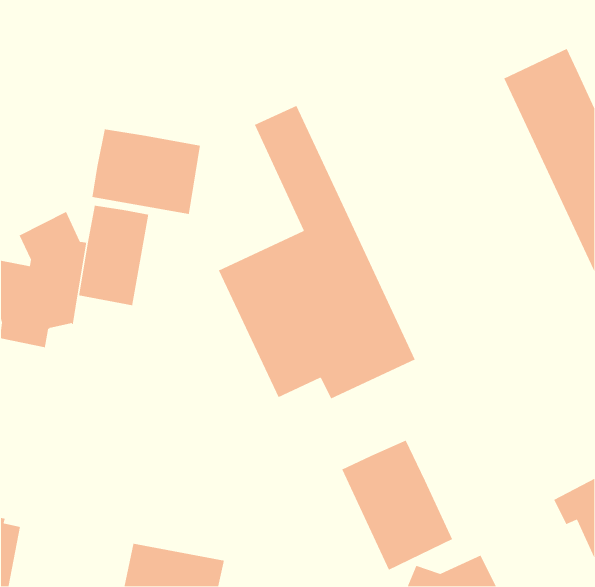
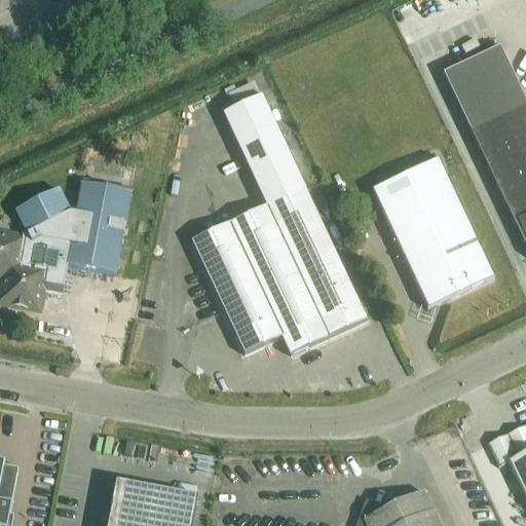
building: [91,128,201,215] -> none
building: none -> [372,155,495,306]
building: [341,440,453,571] -> none

